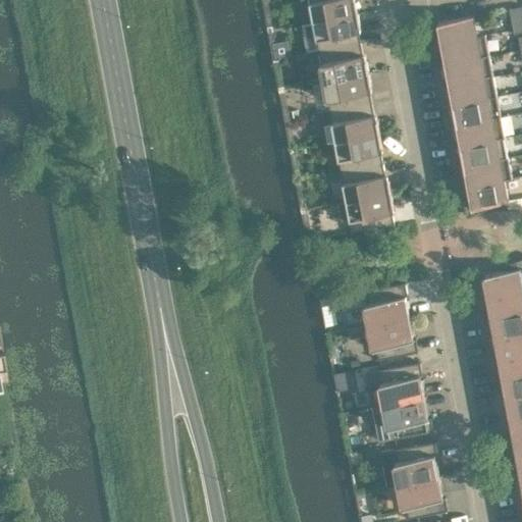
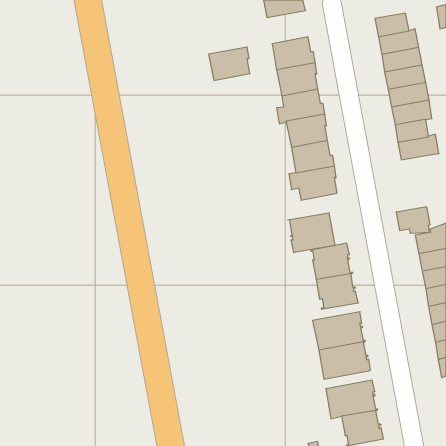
building: [310,15,358,54] -> [209,47,250,80]
building: [466,182,506,213] -> [396,207,430,233]
building: none -> [288,213,335,253]

